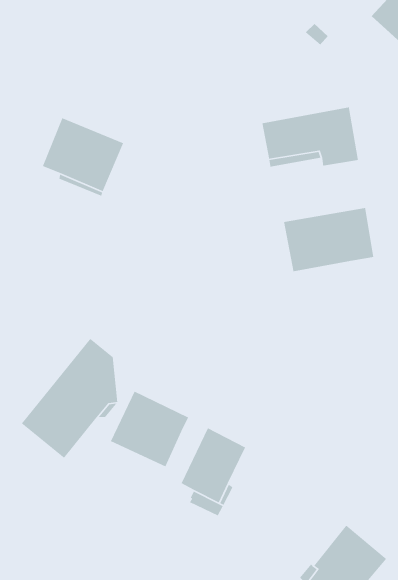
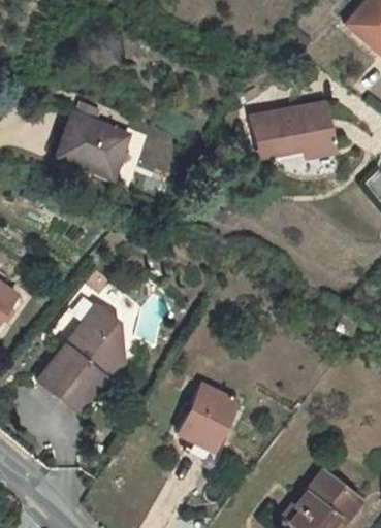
building: [283,207,374,272] -> none
building: [110,390,189,468] -> none

